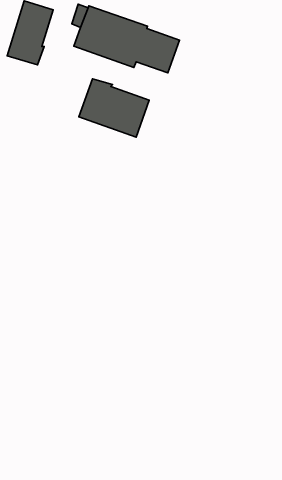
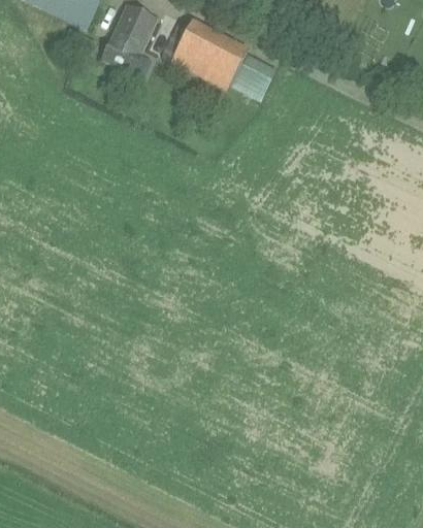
building: [79,79,149,137] -> none

